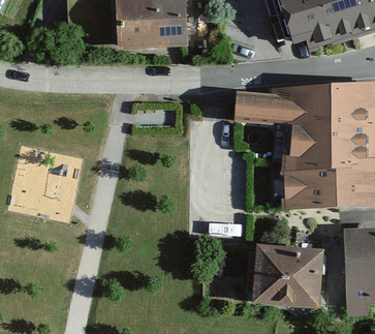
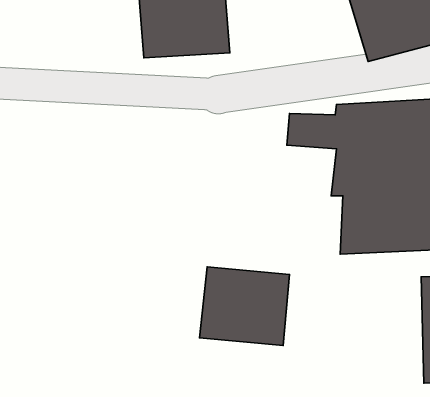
building: [251,246,324,310] -> [200,267,290,345]

